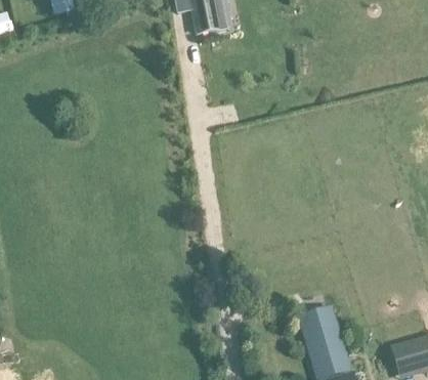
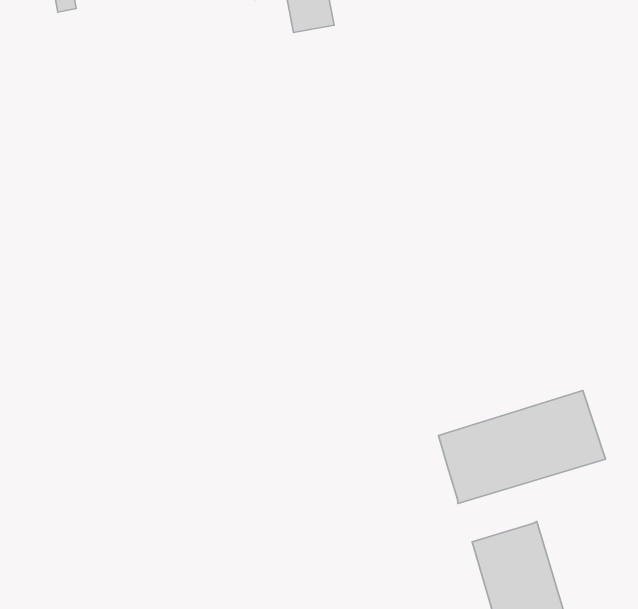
building: none -> [438,391,605,503]

